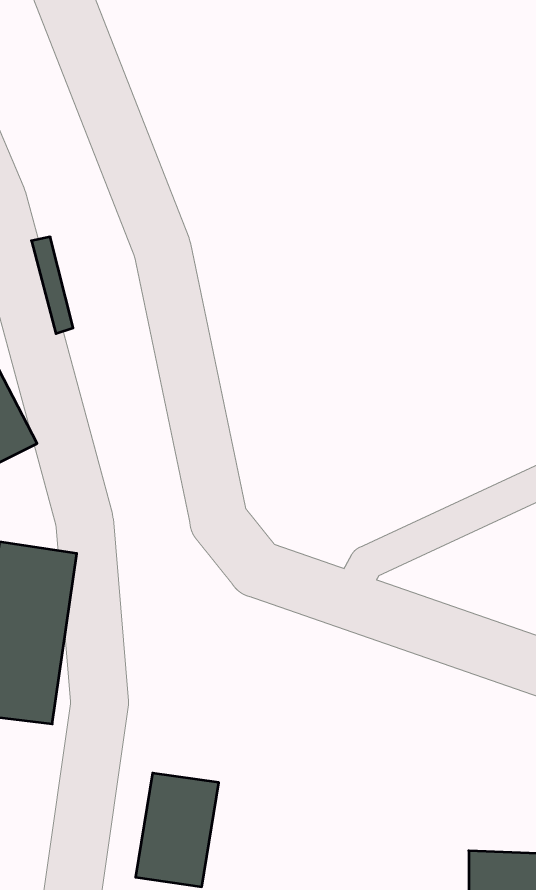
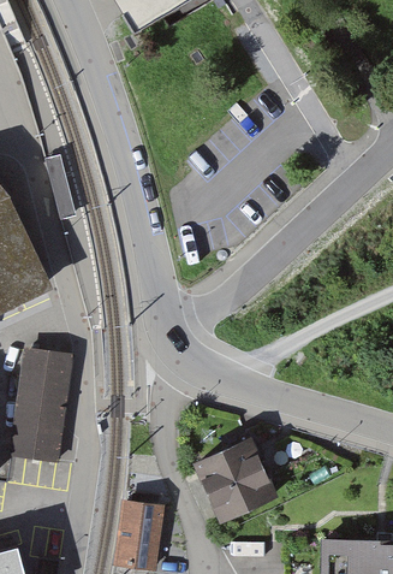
building: none -> [192,451,274,537]

